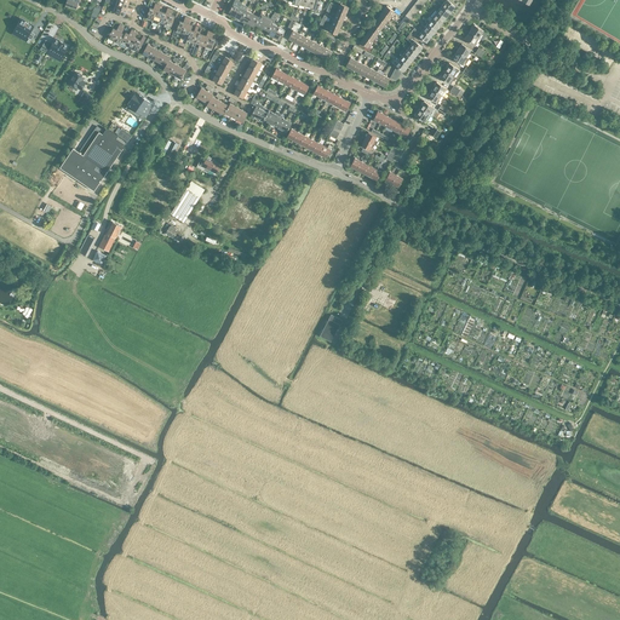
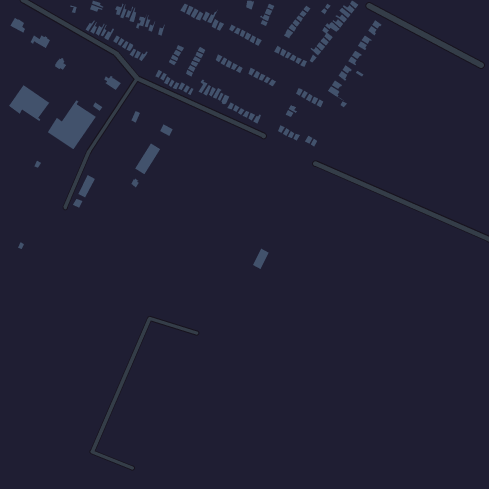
building: none -> [8,84,50,122]

